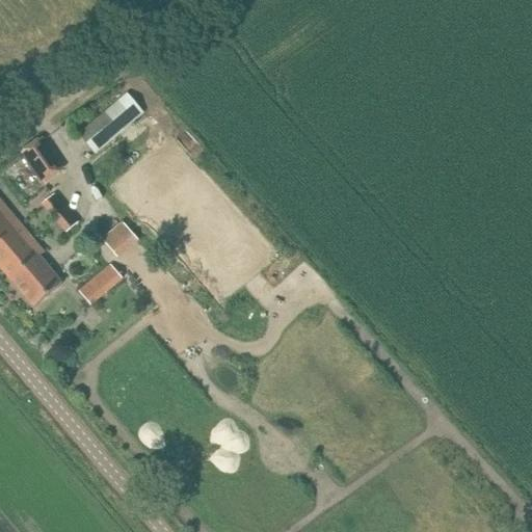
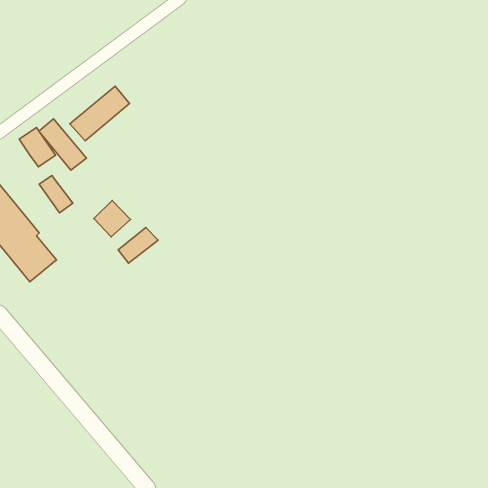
building: none -> [39,119,87,170]
building: [77,266,121,304] -> [118,228,158,263]

